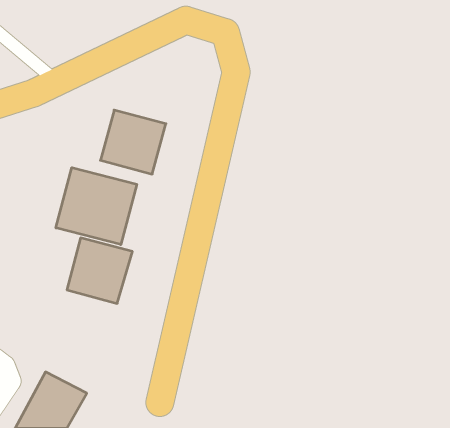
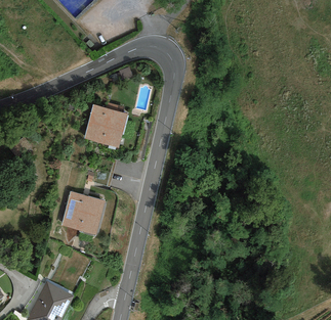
building: [56,168,137,245] -> none

